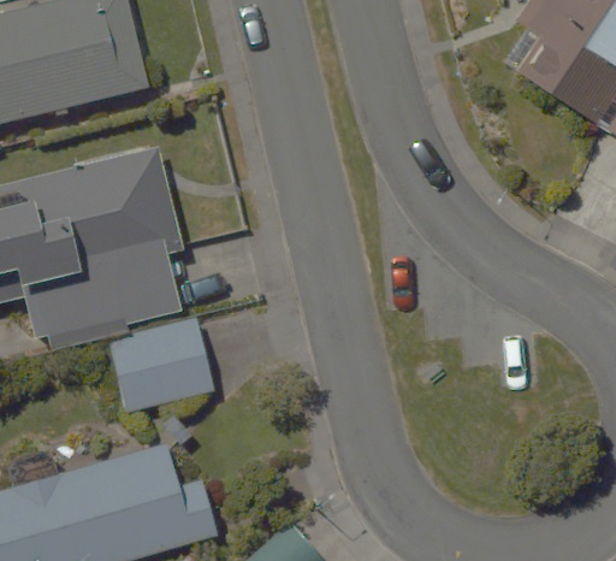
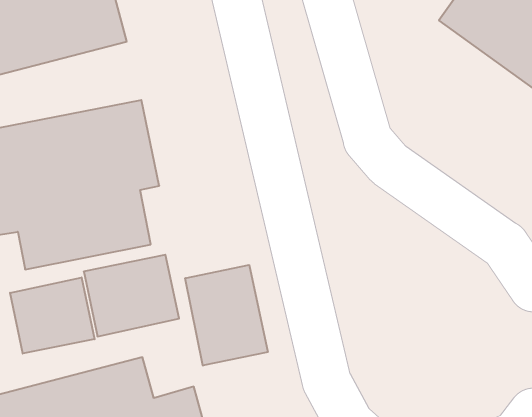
building: none -> [185,265,268,366]
building: none -> [10,277,95,354]

